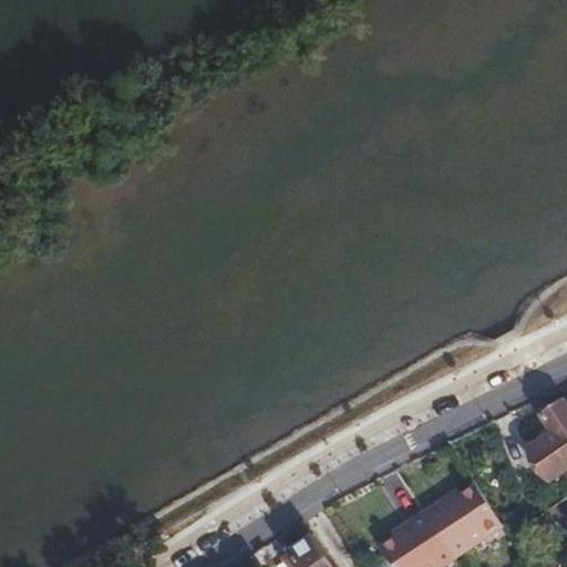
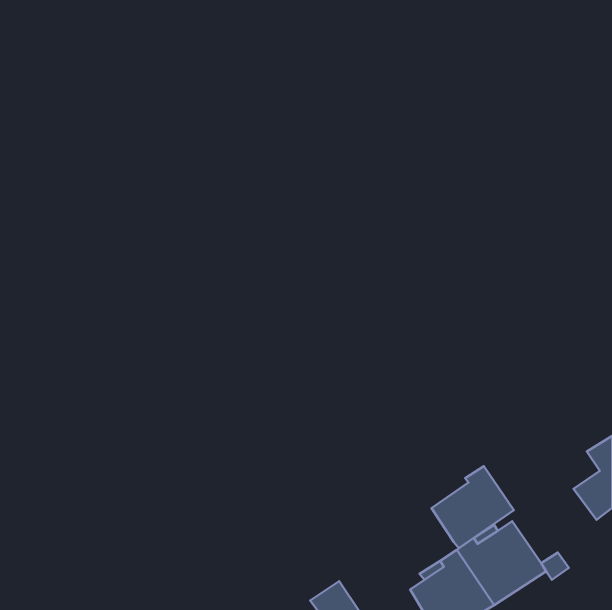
building: none -> [431,466,514,548]

